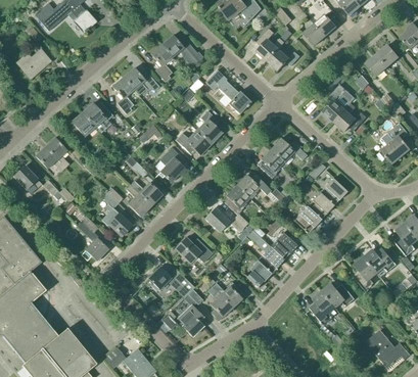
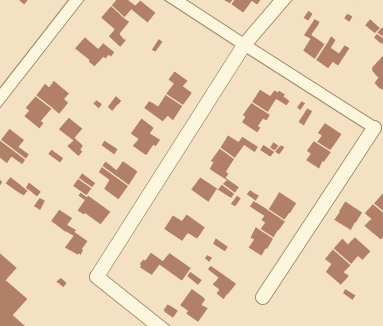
building: [204,69,250,113] -> none
building: [111,77,134,113] -> [58,117,84,157]
building: [293,205,321,233] -> [333,200,363,231]
building: [212,281,244,308] -> none

